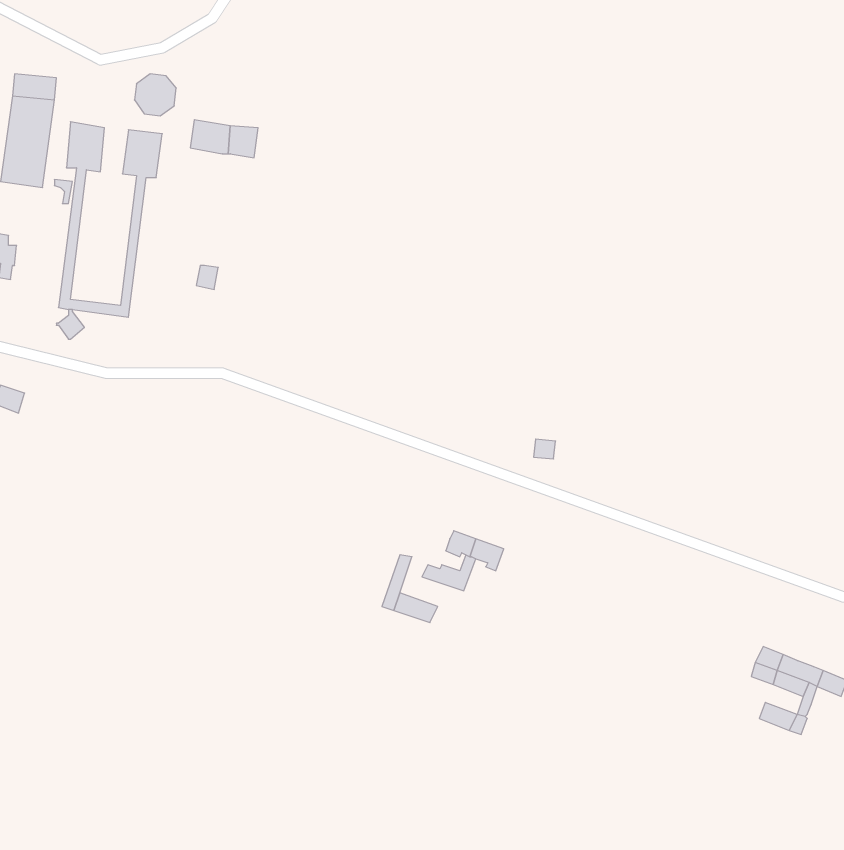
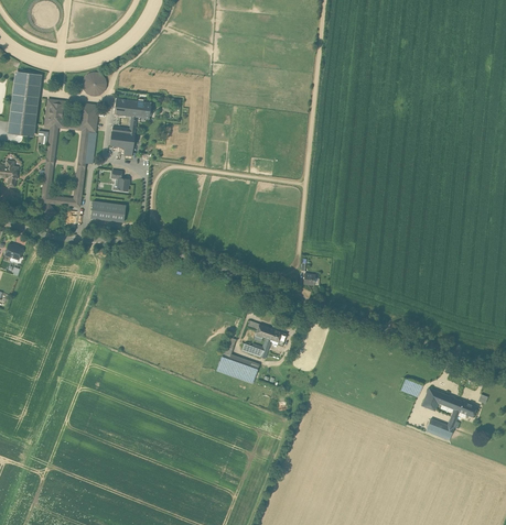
building: none -> [110,117,136,156]
building: none -> [90,200,126,222]

